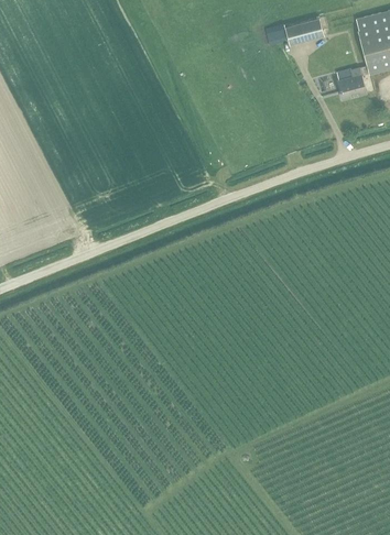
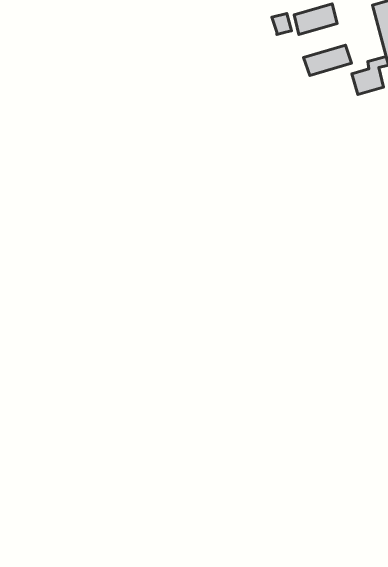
building: none -> [304,45,352,75]

